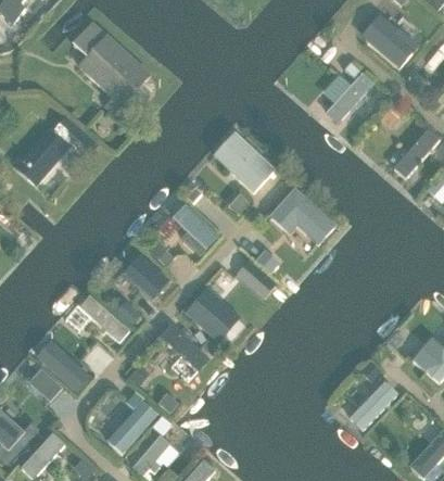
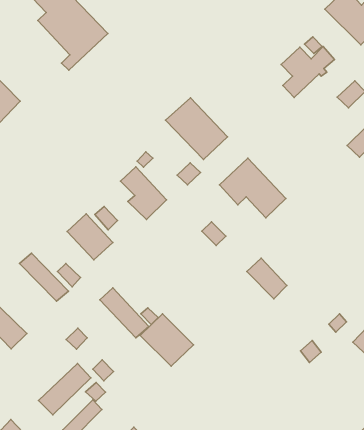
building: [236,261,276,300] -> [247,258,287,299]
building: [186,288,239,339] -> [140,314,194,366]
building: [347,380,397,431] -> none

